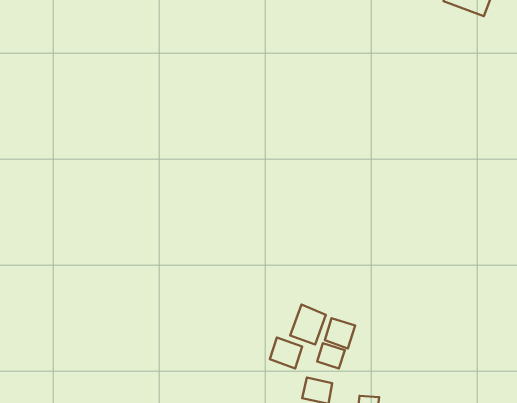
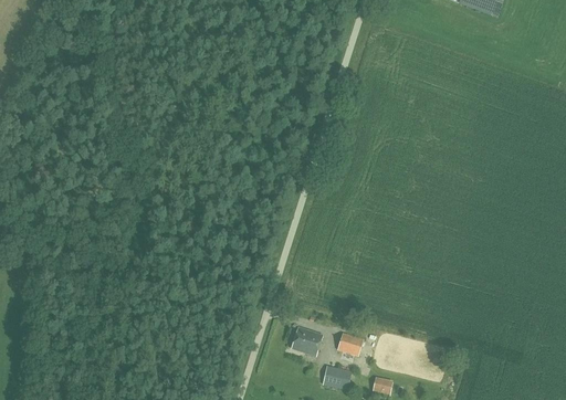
building: [290,305,326,344] -> none
building: [325,318,355,348] -> none

